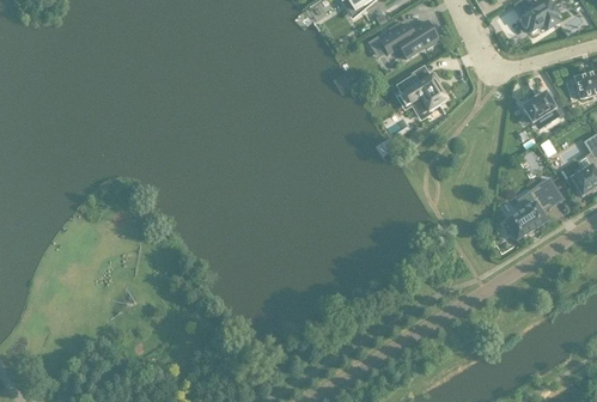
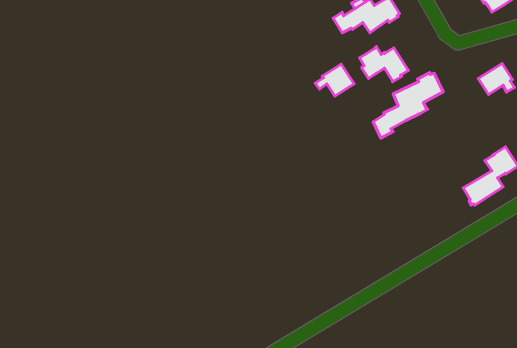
building: none -> [315,64,354,96]
building: none -> [373,73,443,138]

